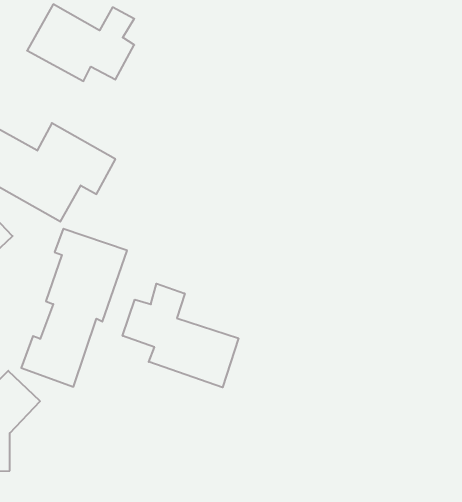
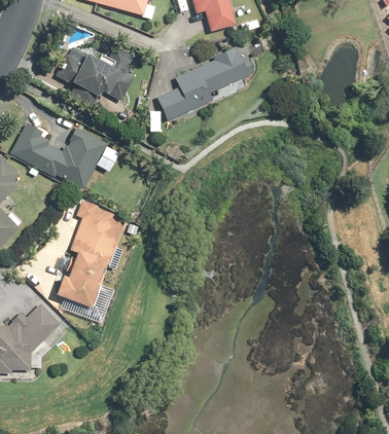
building: none -> [154,46,255,120]
building: [123,284,238,387] -> none

